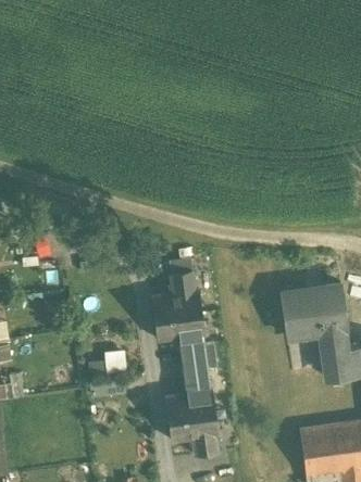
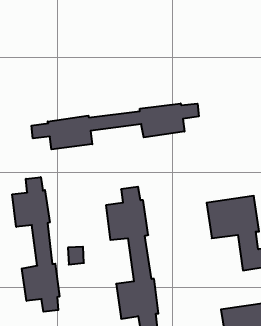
building: none -> [32,103,199,149]
building: none -> [12,177,59,312]

